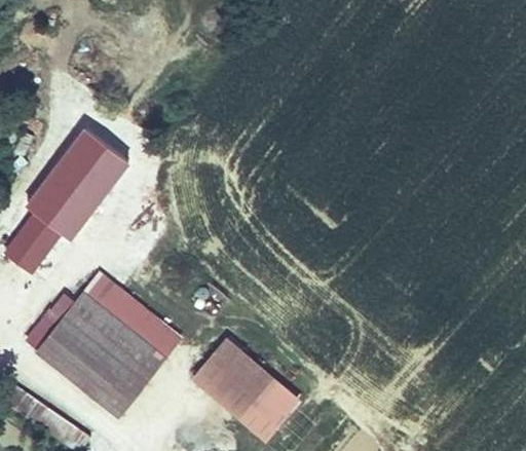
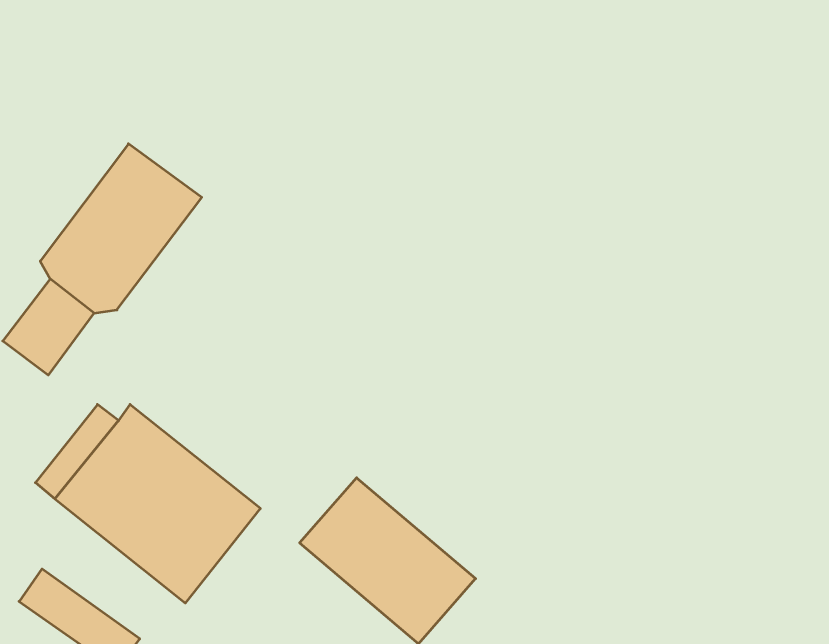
building: [84,273,182,358] -> none

